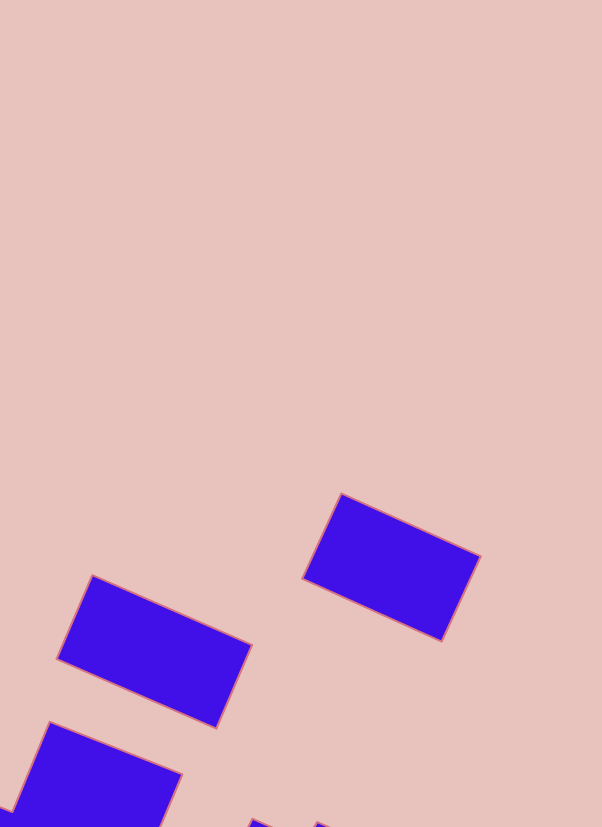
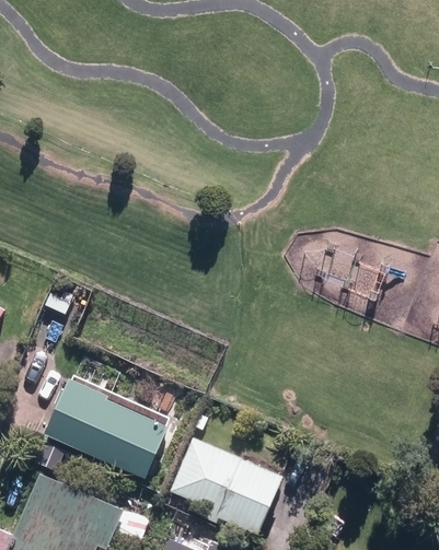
building: [302,494,481,642] -> [166,436,281,531]

